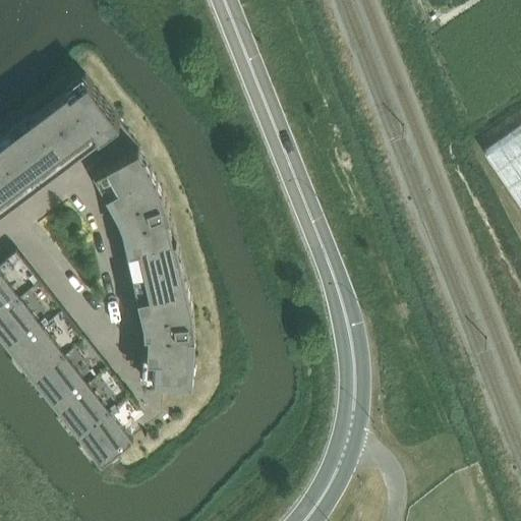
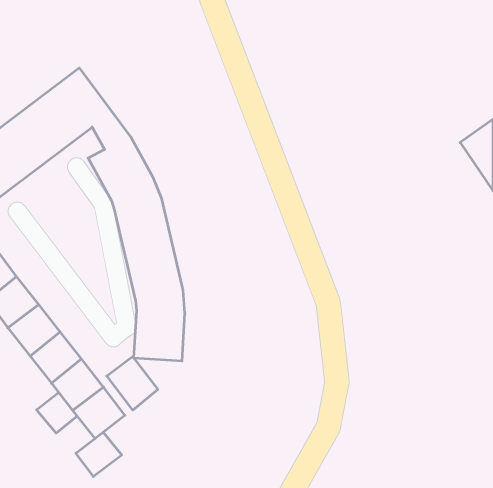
building: none -> [107,357,158,410]
building: none -> [37,392,77,433]
building: none -> [76,432,122,477]

